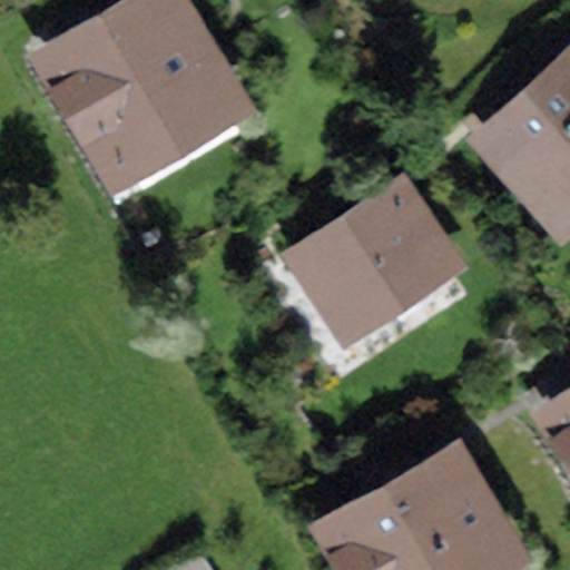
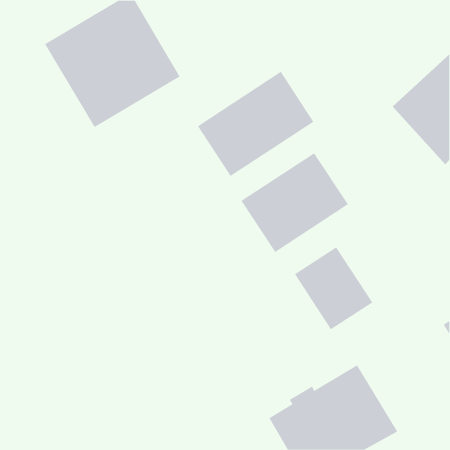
building: none -> [197,71,314,177]
building: none -> [294,247,373,330]

